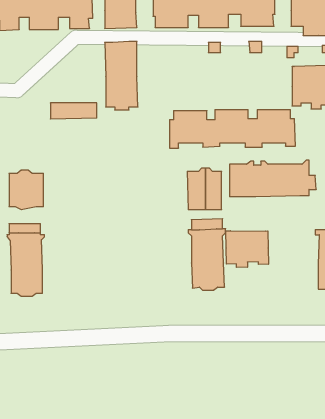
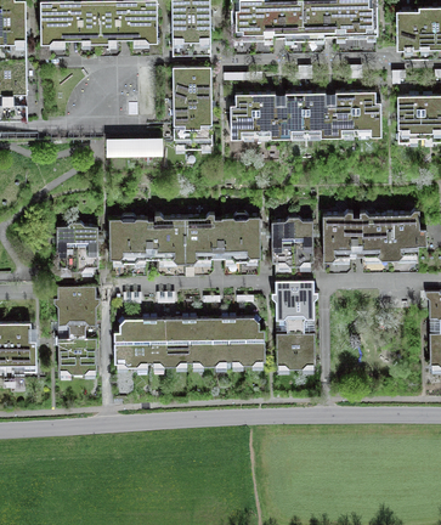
building: [170,110,295,148] -> [230,91,381,137]
building: none -> [107,210,259,260]
building: [226,231,268,267] -> none
building: none -> [113,315,264,366]

